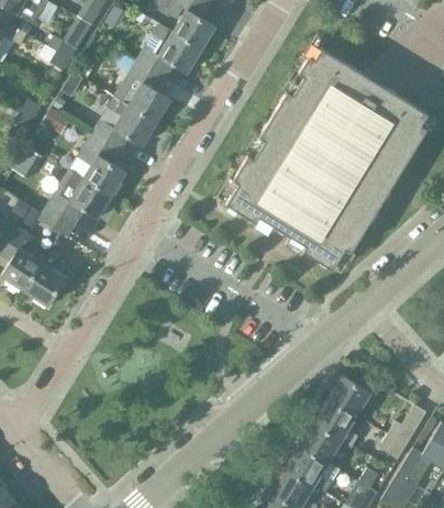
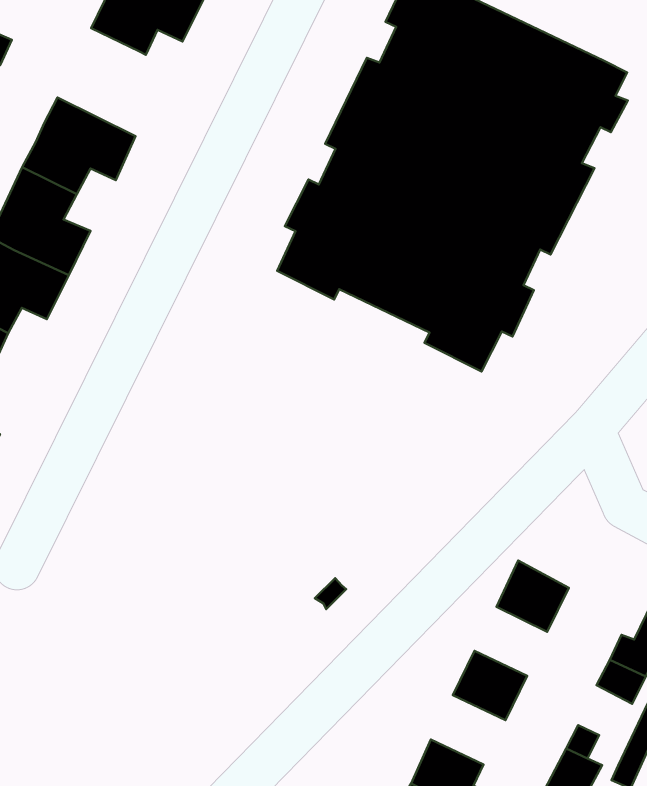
building: [114,62,169,123] -> none
building: [313,400,356,446] -> none
building: [285,446,330,493] -> none

